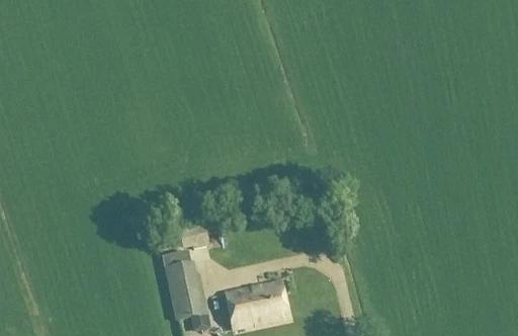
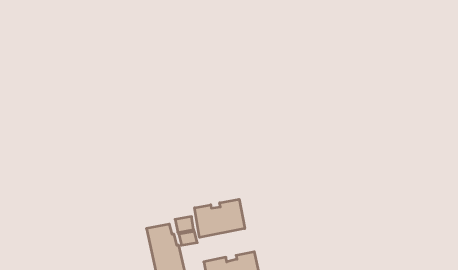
building: none -> [195,199,245,237]

